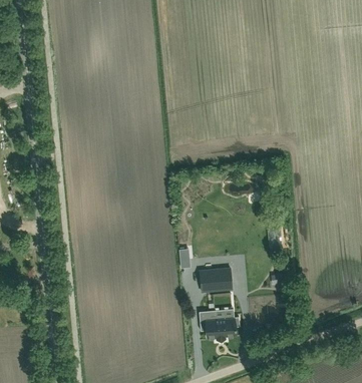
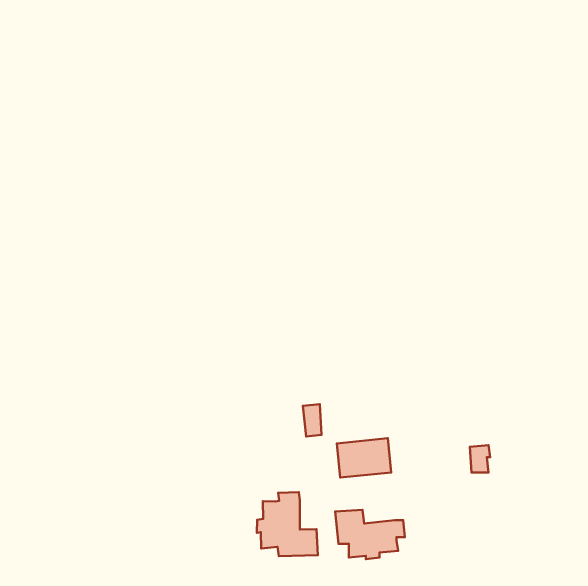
building: none -> [257,492,318,556]

